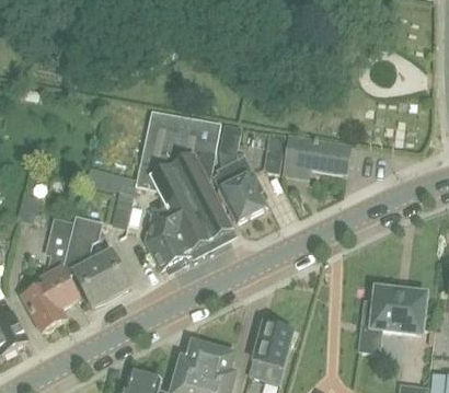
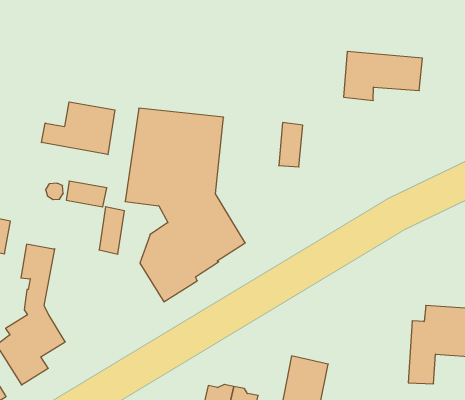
building: none -> [41,102,115,155]
building: [212,125,266,221] -> none
building: [284,135,350,176] -> [344,51,422,100]
building: [62,215,130,305] -> none

